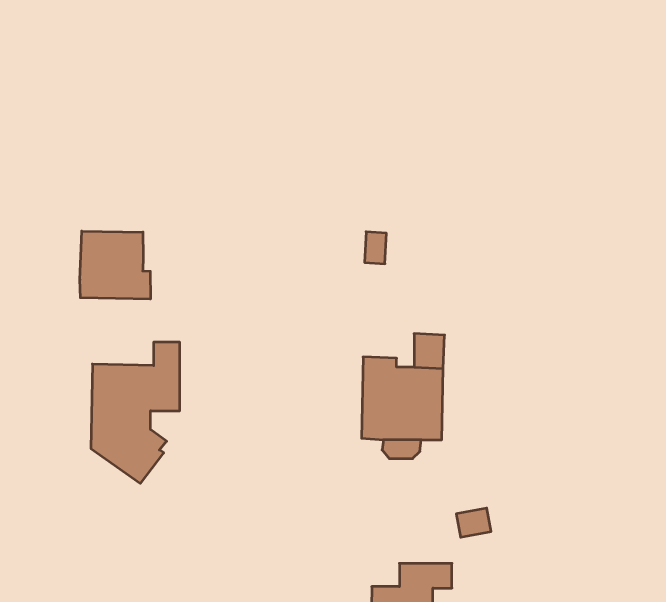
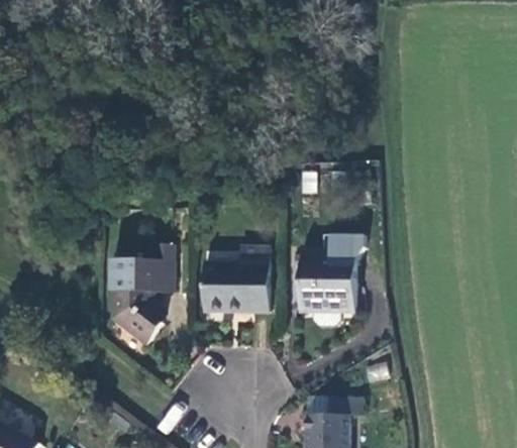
building: [80,231,150,299] -> none
building: none -> [201,247,268,312]

